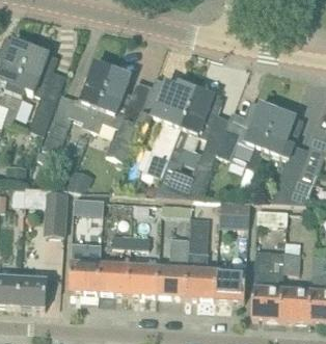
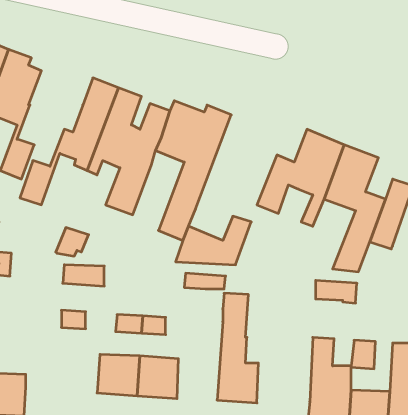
building: [169,88,222,160] -> none
building: [44,192,64,233] -> none
building: [218,200,248,228] -> none
building: [156,238,189,296] -> none
building: [69,261,100,291] -> none
building: [214,264,245,300] -> none

